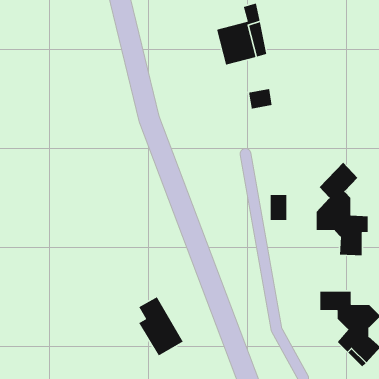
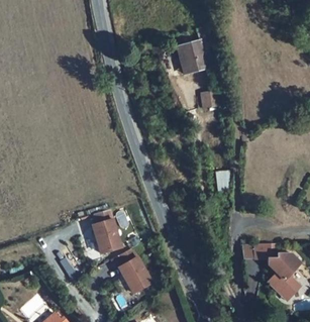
building: [316,162,368,256] -> none
building: none -> [92,209,121,253]

